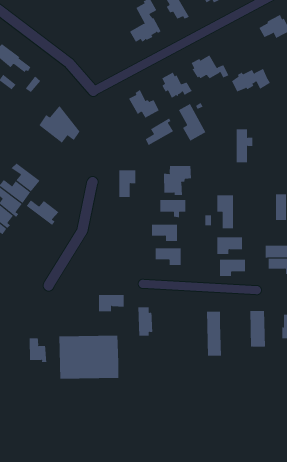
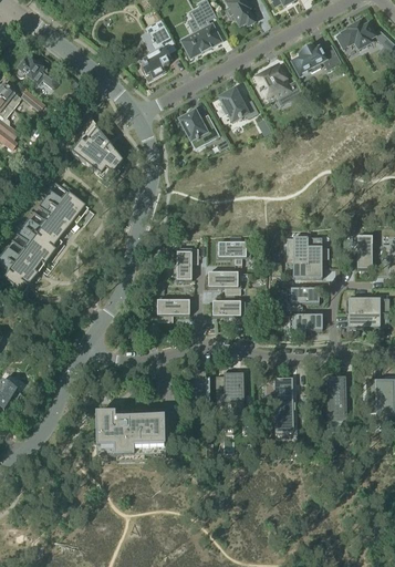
building: none -> [141,18,174,76]
building: [231,68,271,92] -> [293,44,341,73]
building: [178,103,206,141] -> none
building: [145,117,174,146] -> none
building: [236,129,253,163] -> [308,236,329,277]
building: [164,165,191,196] -> none
building: [119,170,136,198] -> [177,246,198,279]
building: [26,199,59,226] -> [45,189,85,221]
building: [98,294,125,312] -> [157,299,189,320]
building: none -> [224,372,245,411]
building: [29,337,47,363] -> none

